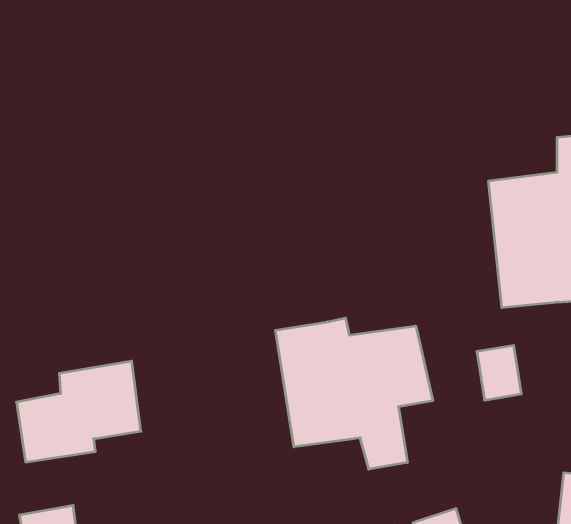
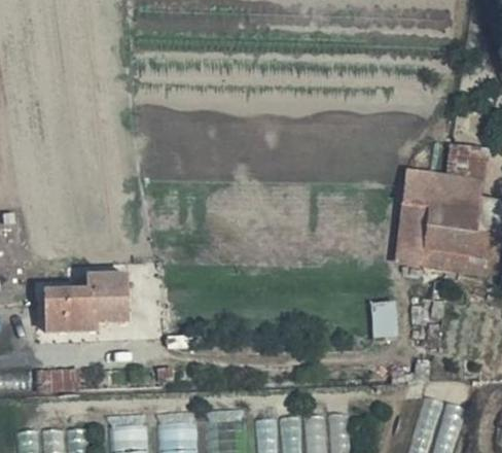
building: [275,318,433,469] -> none

